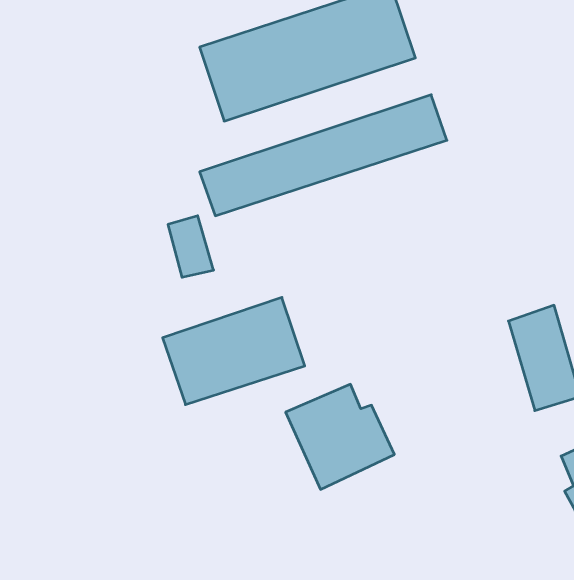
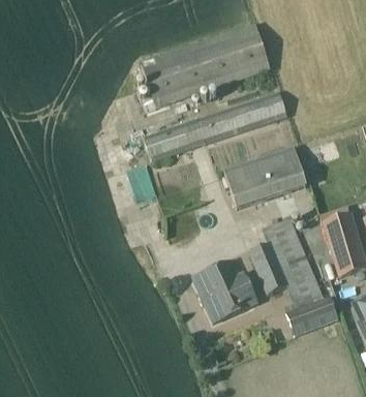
building: [163,297,305,405] -> [223,146,307,209]
building: none -> [248,217,338,336]

